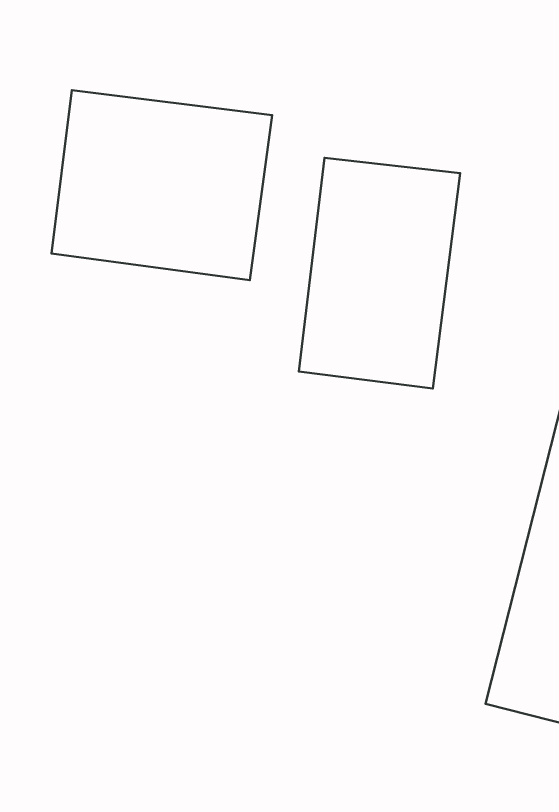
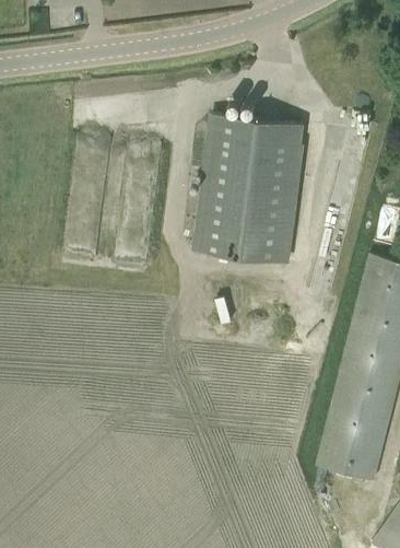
building: [51,90,272,280] -> none

